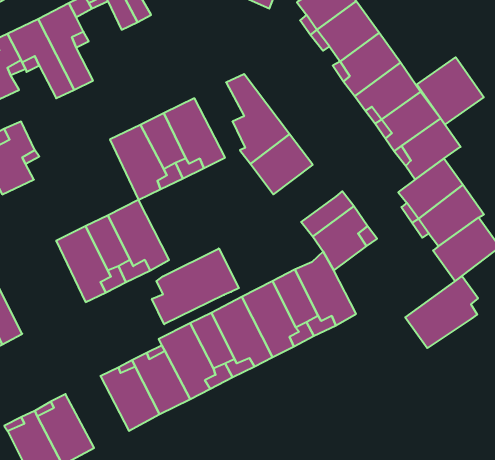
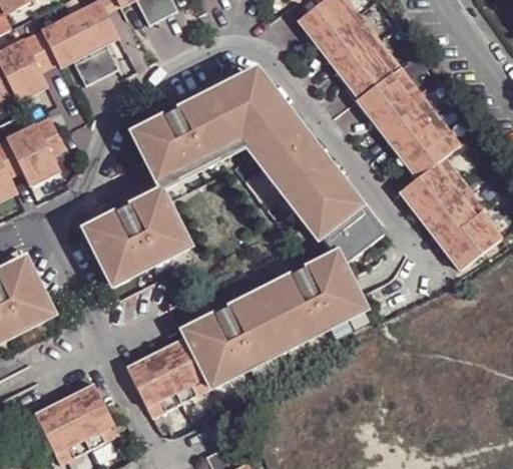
building: [417,57,484,124] -> none
building: none -> [211,82,260,153]
building: none -> [287,160,346,218]
building: [152,248,239,324] -> none
building: [405,276,478,348] -> none

